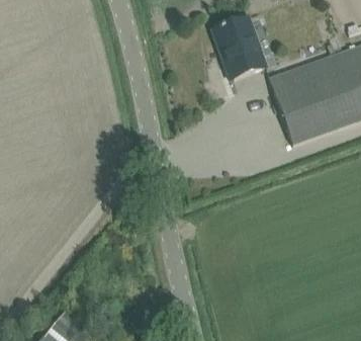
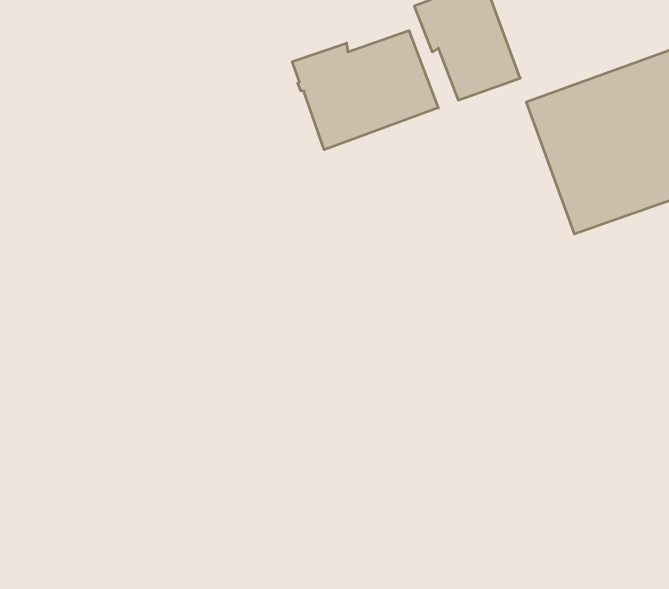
building: none -> [292,31,438,150]

